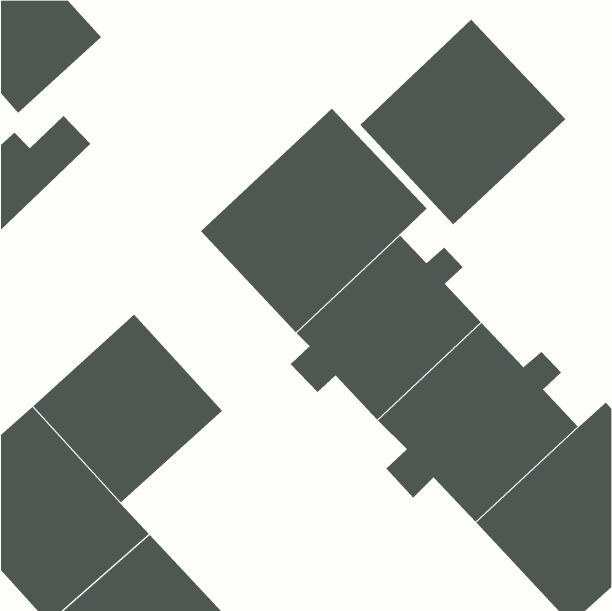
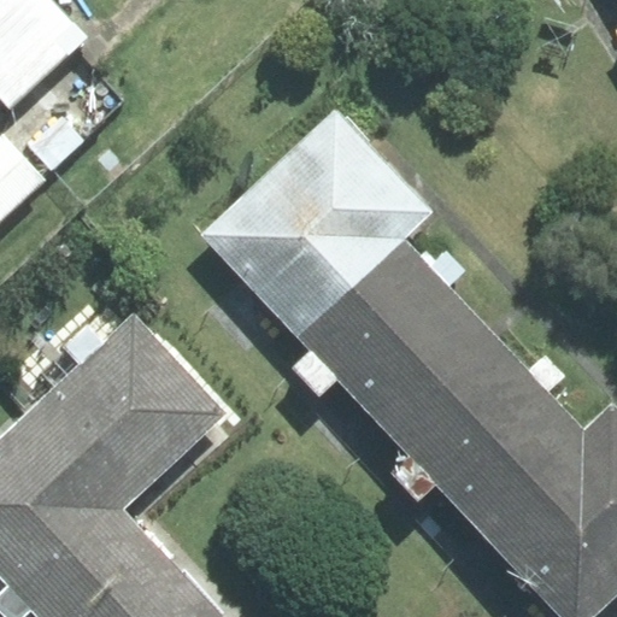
building: [359,19,566,225] -> none

